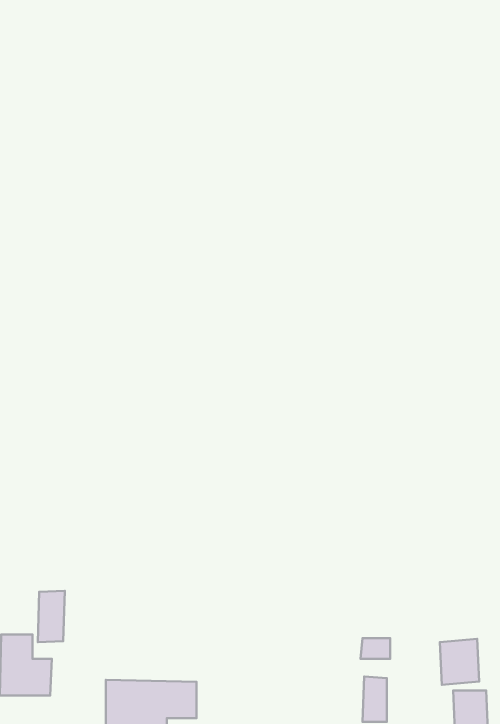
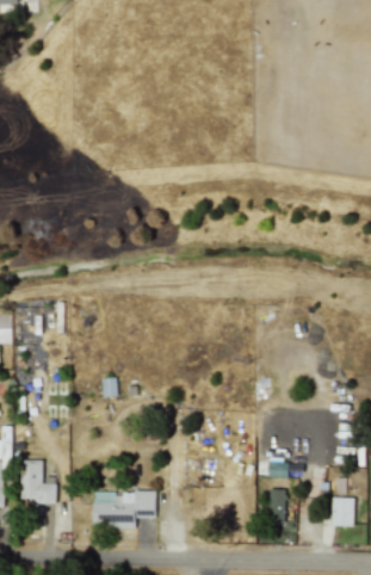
building: [38,591,65,642] -> none
building: [440,639,479,685] -> none

